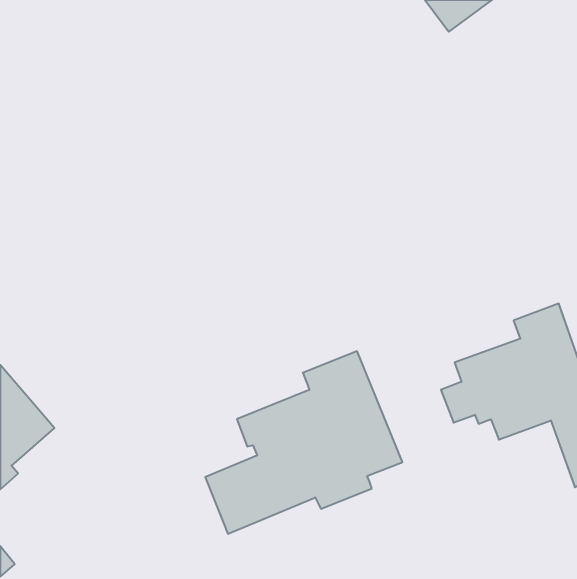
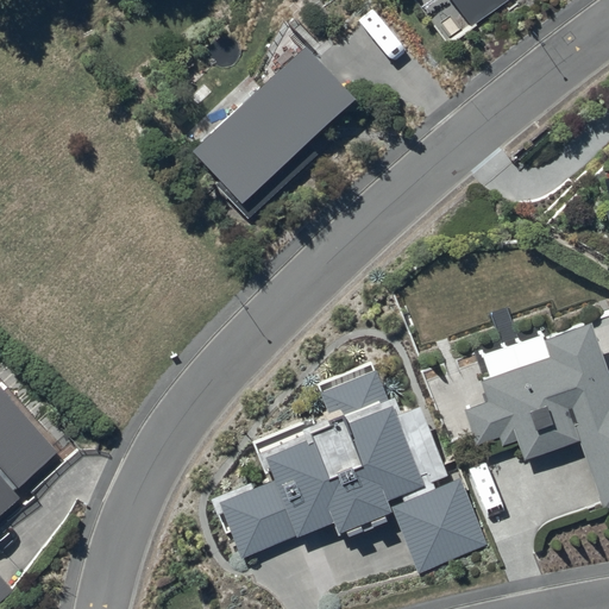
building: none -> [184,40,353,218]
building: none -> [390,478,490,575]

